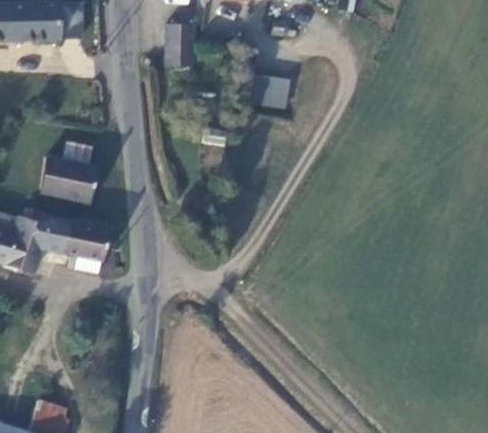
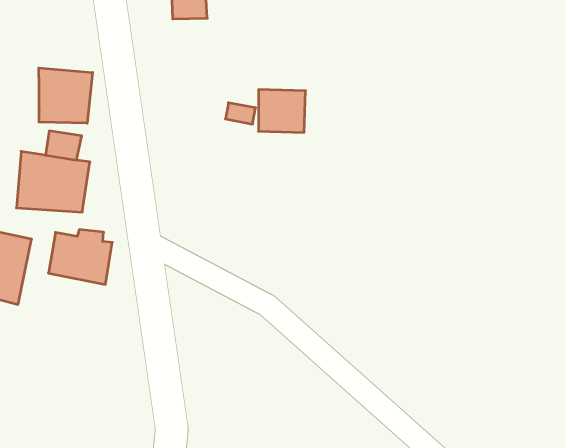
building: [252,75,289,110] -> [258,90,306,132]
building: none -> [39,68,93,123]

